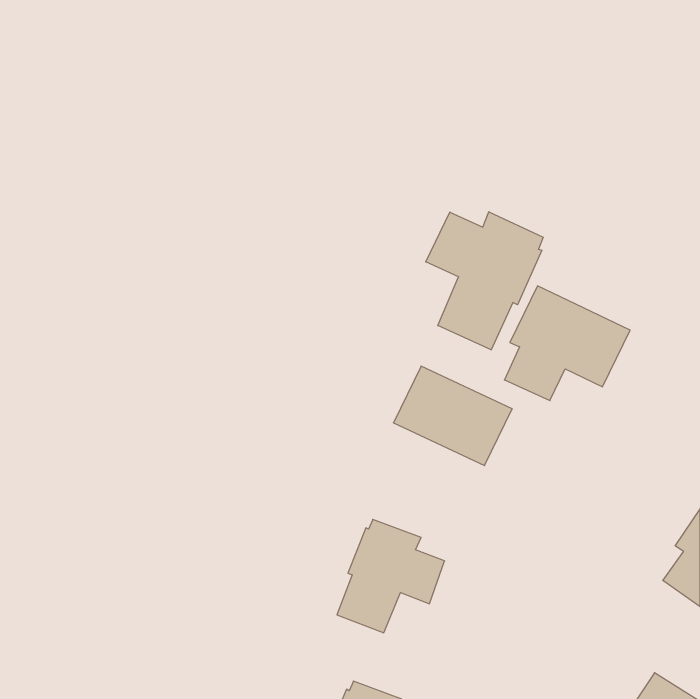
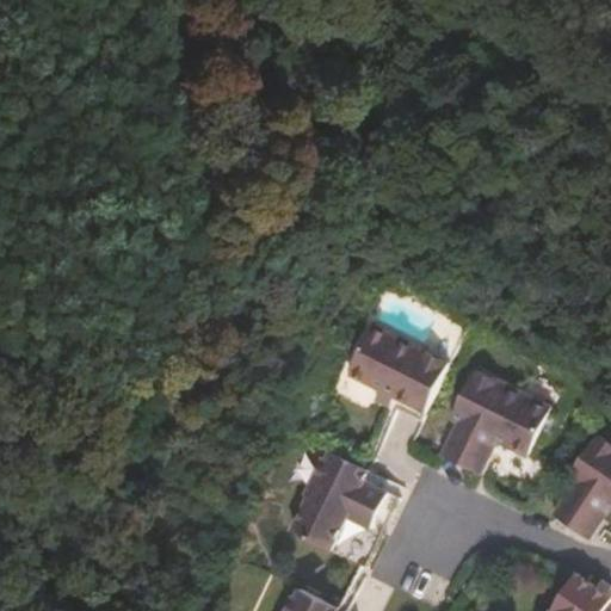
building: [426,212,543,350] -> none
building: [504,286,630,401] -> [443,369,551,468]

